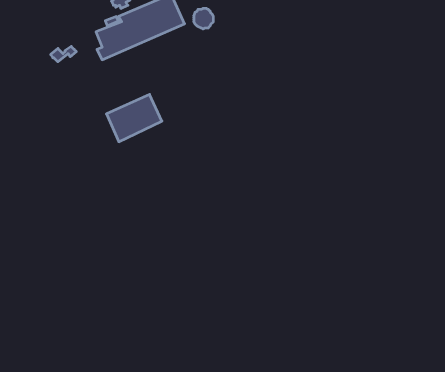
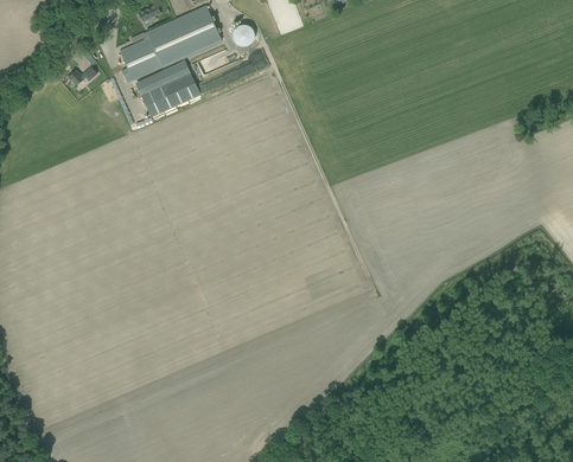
building: [106,94,162,142] -> [136,62,200,116]

